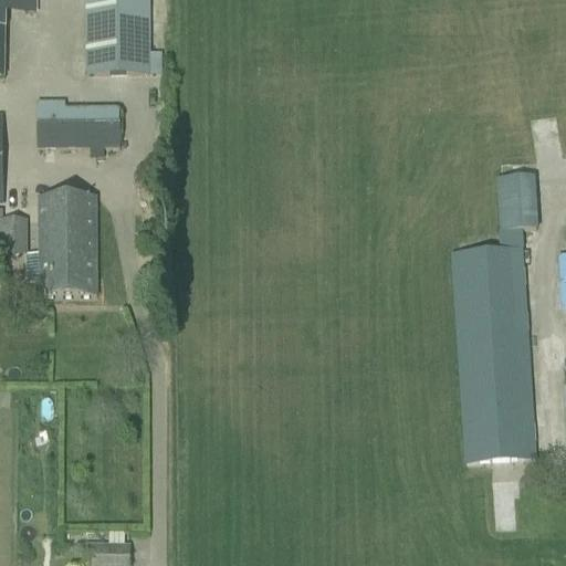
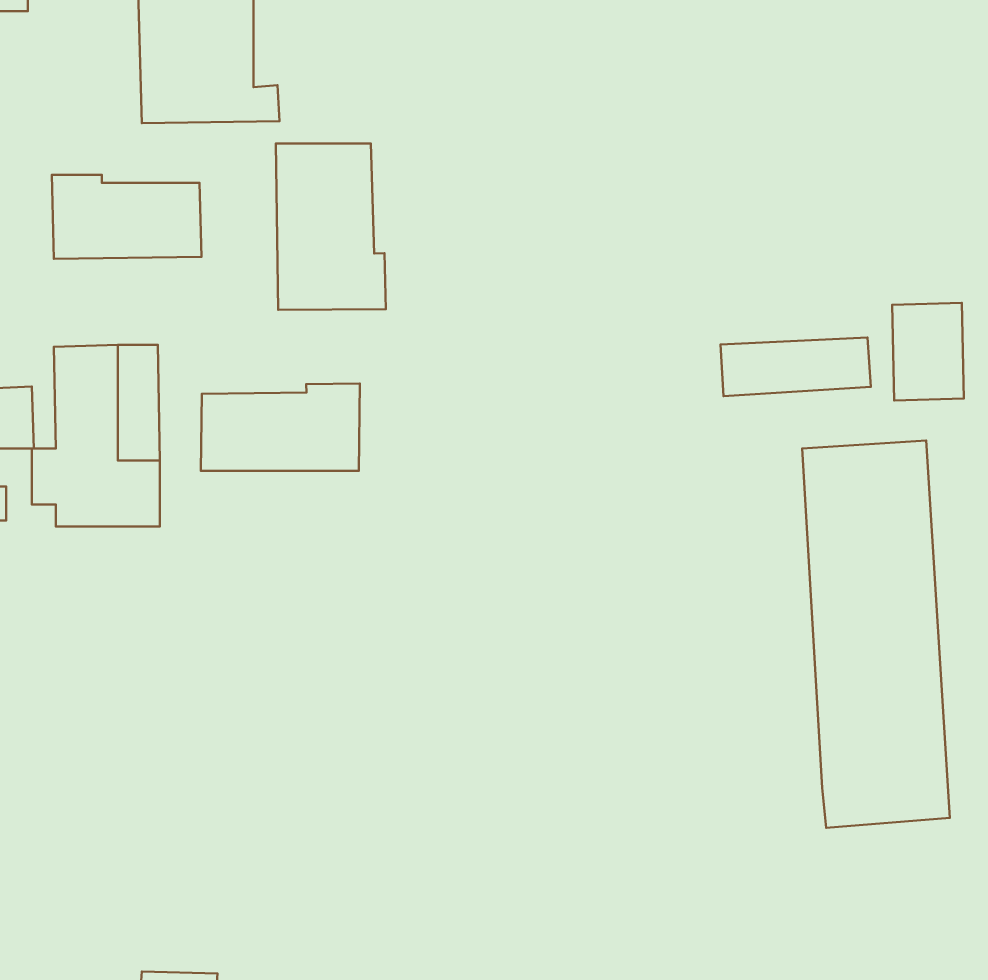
building: none -> [276,143,386,310]
building: none -> [720,338,871,396]
building: none -> [201,383,360,471]

